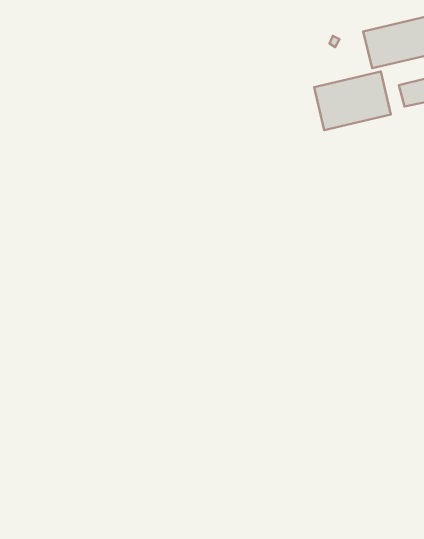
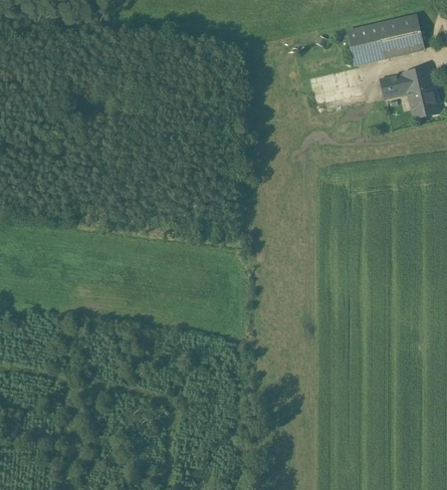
building: [314,72,391,130] -> none

